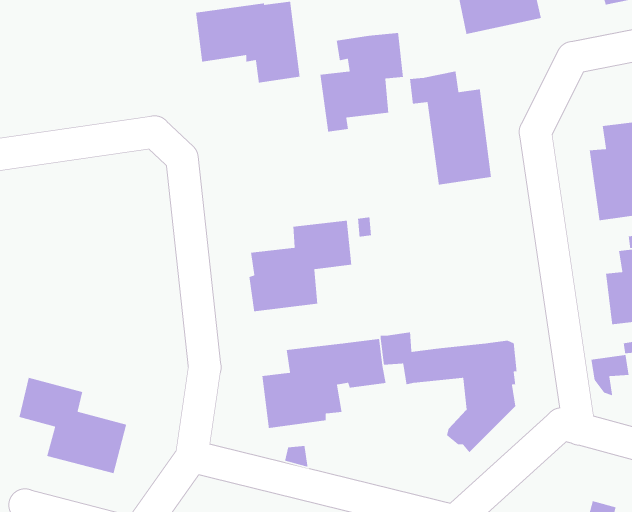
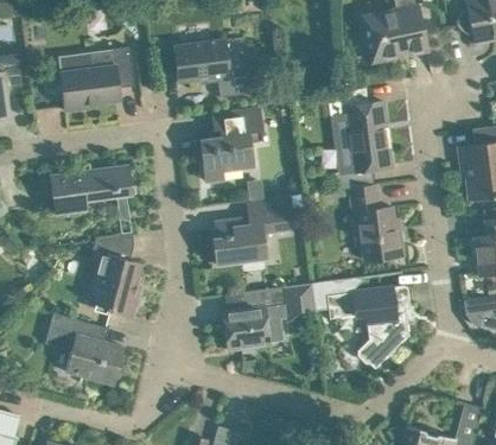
building: none -> [59,46,133,110]
building: [320,32,404,133] -> [199,108,261,182]
building: none -> [49,165,135,212]
building: none -> [346,185,402,261]
building: none -> [89,233,140,317]

